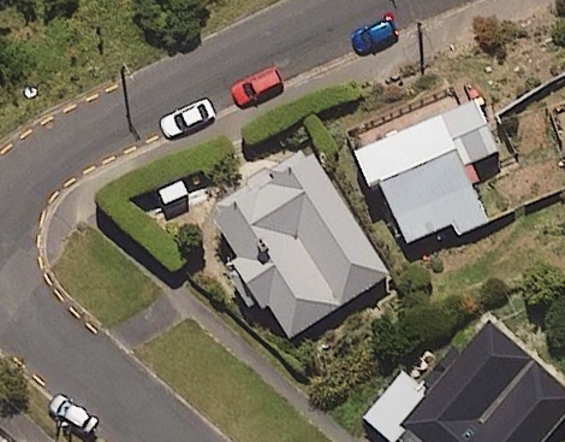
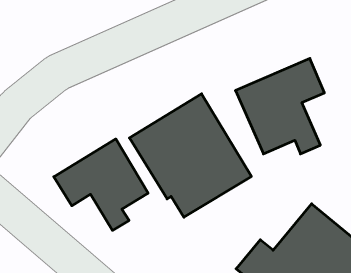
building: none -> [54,139,148,230]

